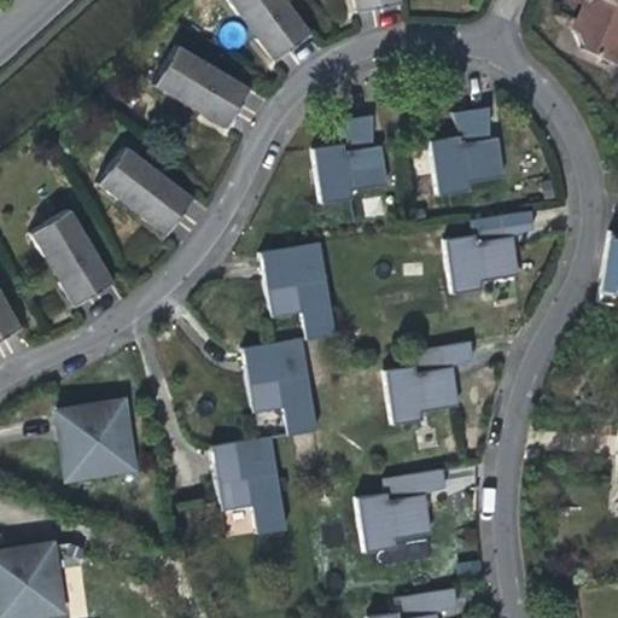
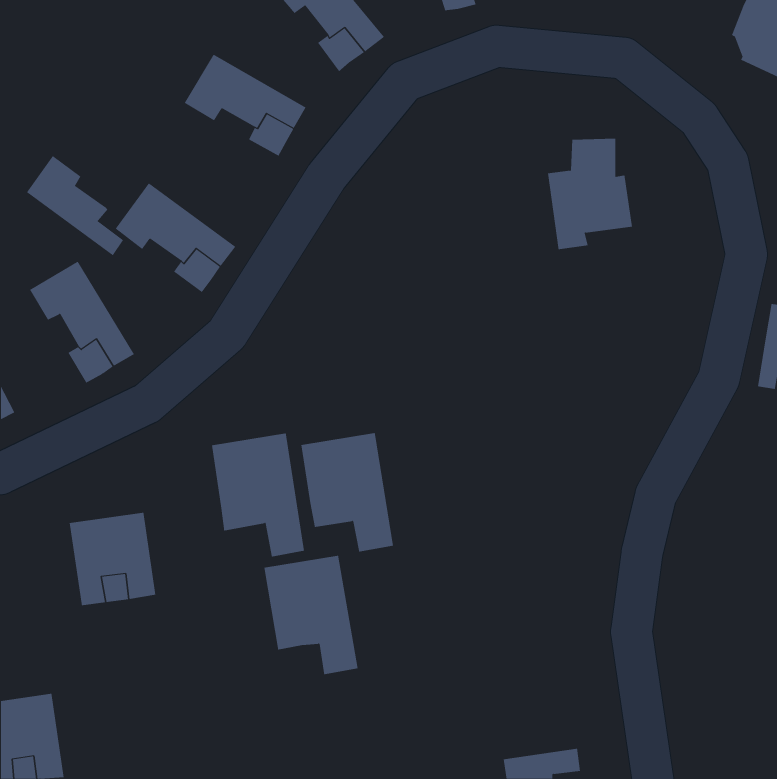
building: [316,113,383,198] -> none
building: none -> [26,155,124,256]
building: [451,214,534,295] -> none
building: [258,243,332,340] -> [211,433,305,557]
building: [391,343,473,424] -> none
building: [363,470,447,549] -> none

